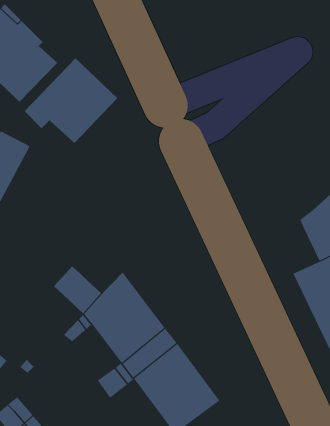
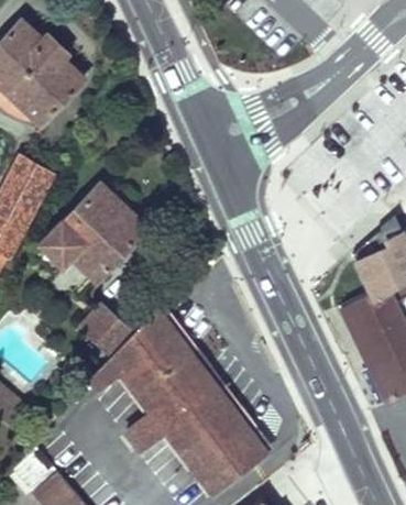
building: [24,58,118,144] -> [41,185,145,281]

